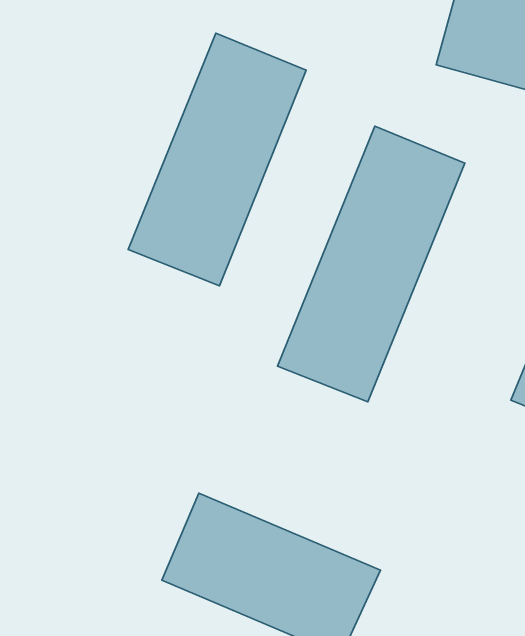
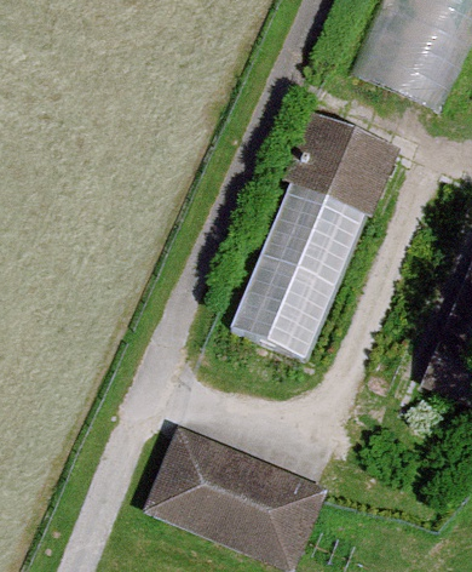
building: [128,33,306,286] -> none

